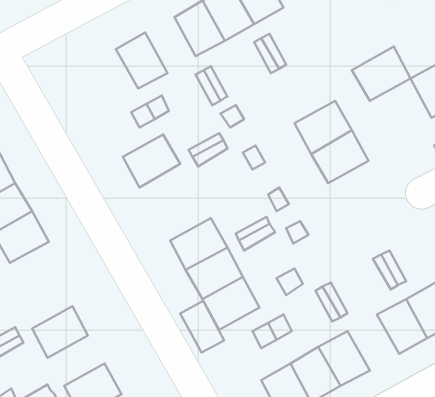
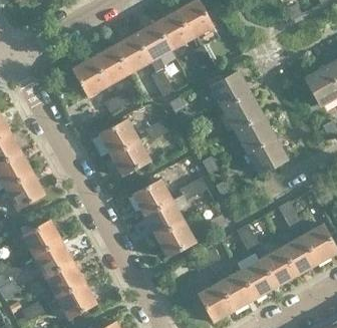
building: none -> [114,34,150,74]
building: [352,46,410,101] -> [209,71,251,110]
building: none -> [72,57,109,98]
building: none -> [246,137,288,176]
building: none -> [110,139,151,178]
building: none -> [21,220,62,258]
building: [180,301,224,353] -> none
building: none -> [260,248,297,288]
building: none -> [44,263,85,299]

